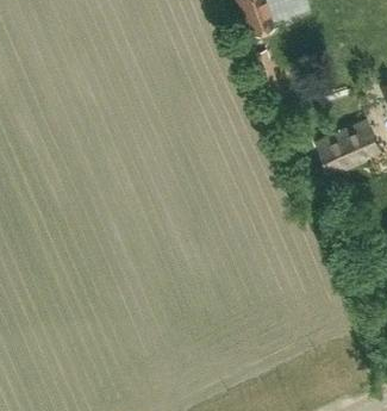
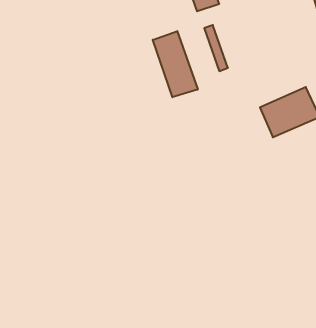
building: none -> [153,31,198,97]

